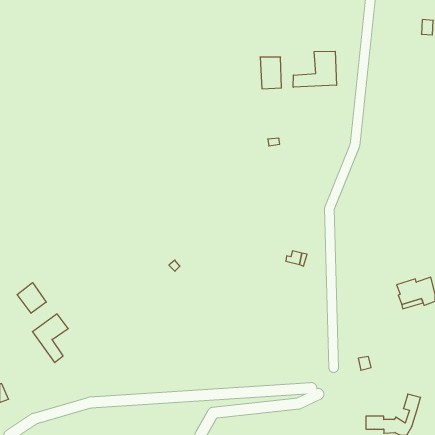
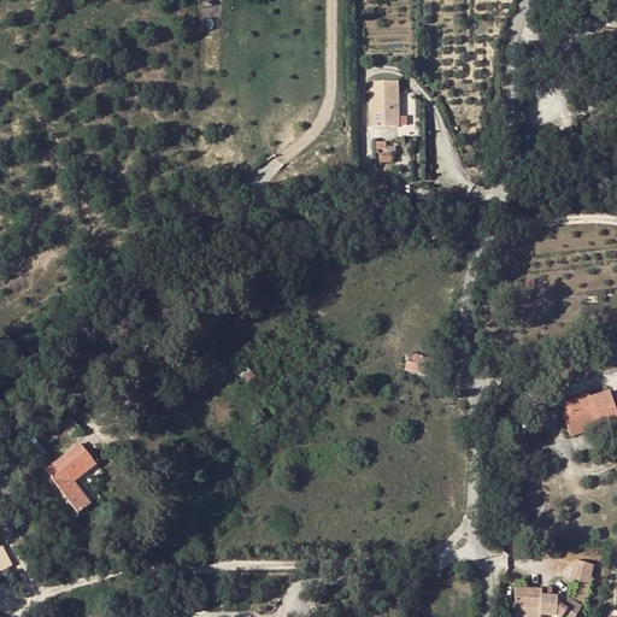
building: [293,51,337,87] -> none
building: [17,283,46,313] -> none

